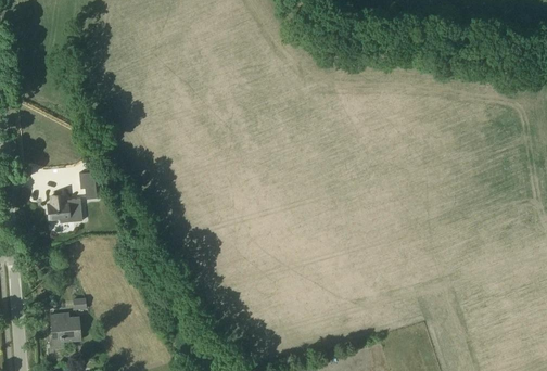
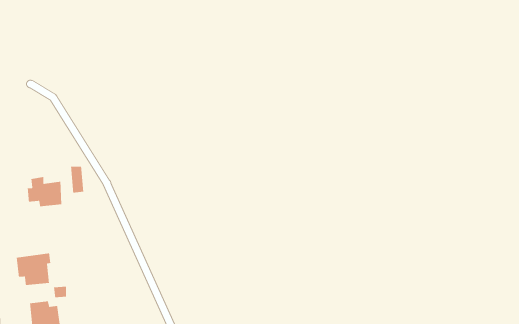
building: none -> [16,253,51,286]

